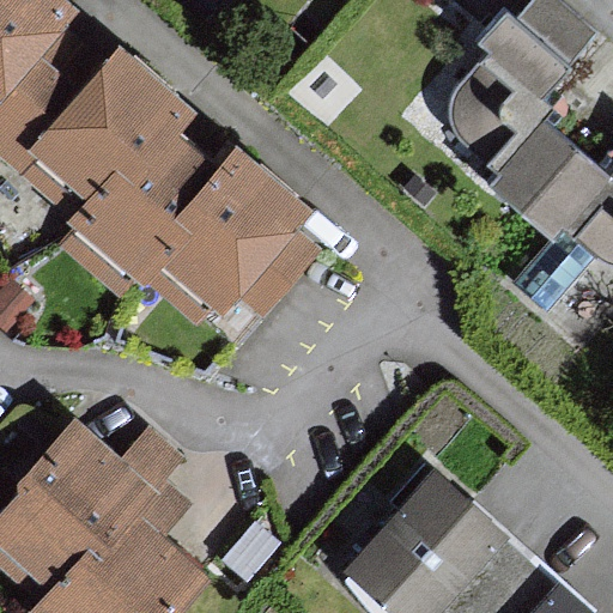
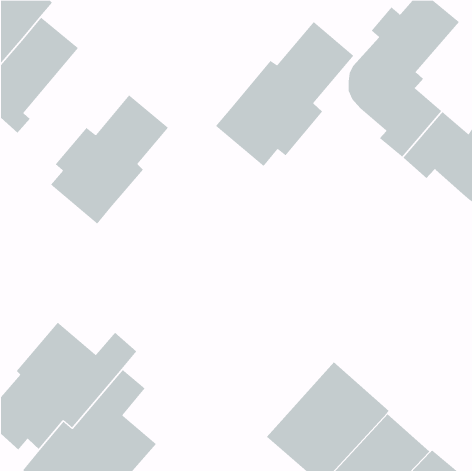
building: none -> [215,21,354,167]
building: [25,48,187,216] -> none
building: [146,147,316,316] -> none

